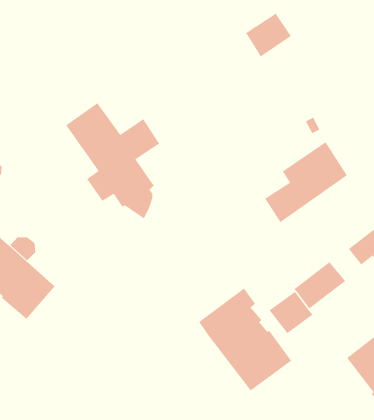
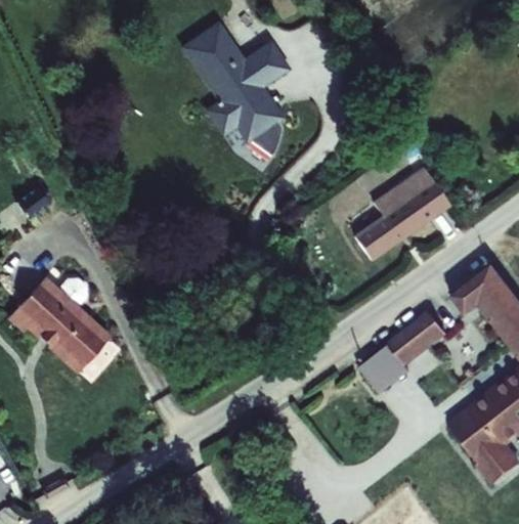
building: [245,13,292,57] -> none
building: [65,102,160,219] -> [180,23,291,159]
building: [198,288,292,391] -> none

